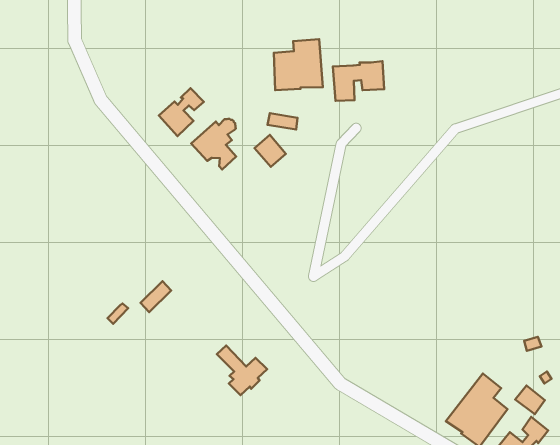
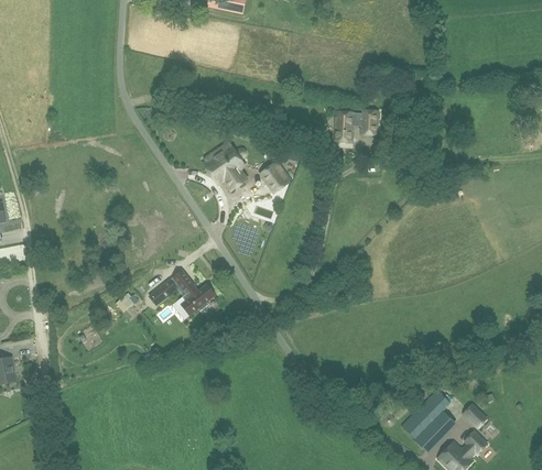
building: [274,39,323,90] -> none
building: [159,88,204,136] -> none
building: [217,345,267,395] -> [172,270,214,314]

